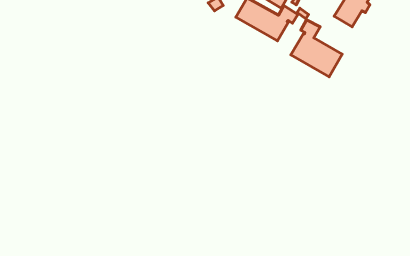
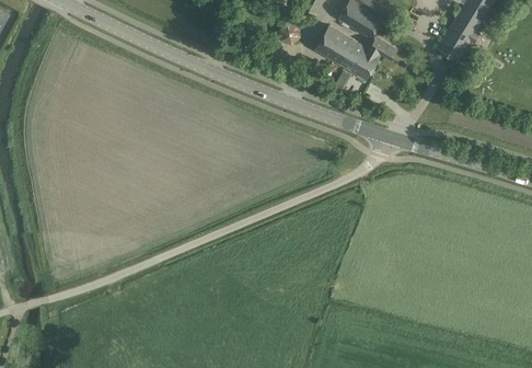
building: [291,20,342,77] -> none

